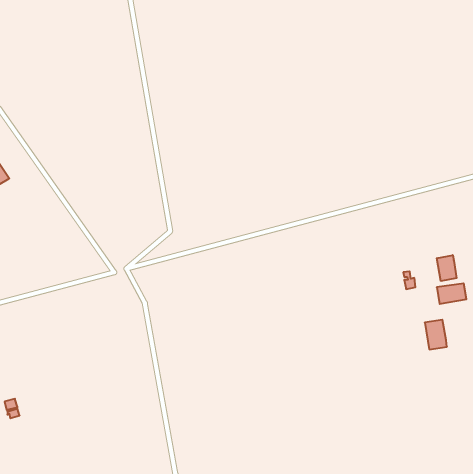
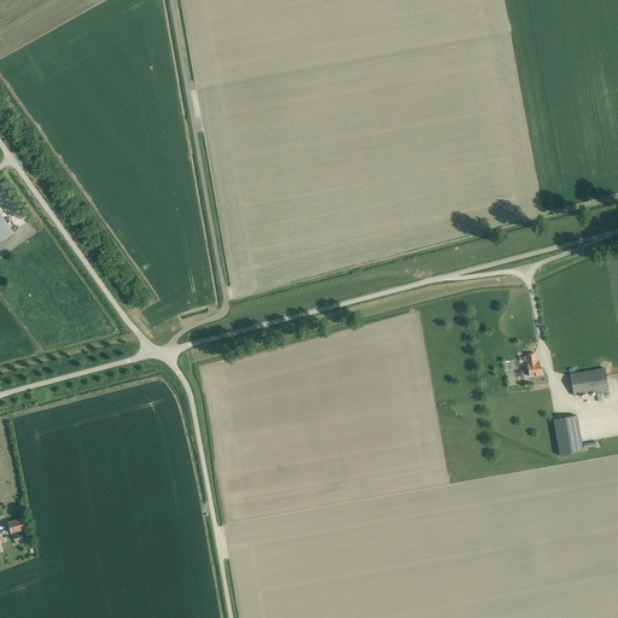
building: [437,255,457,281] -> none

